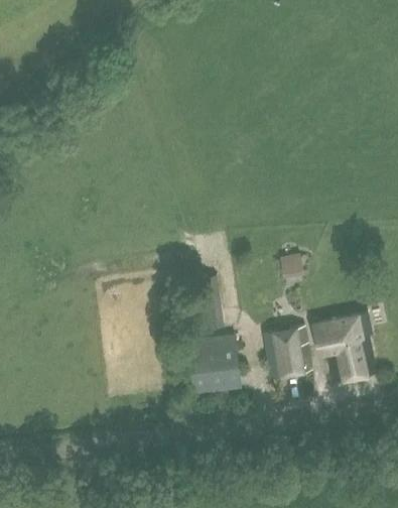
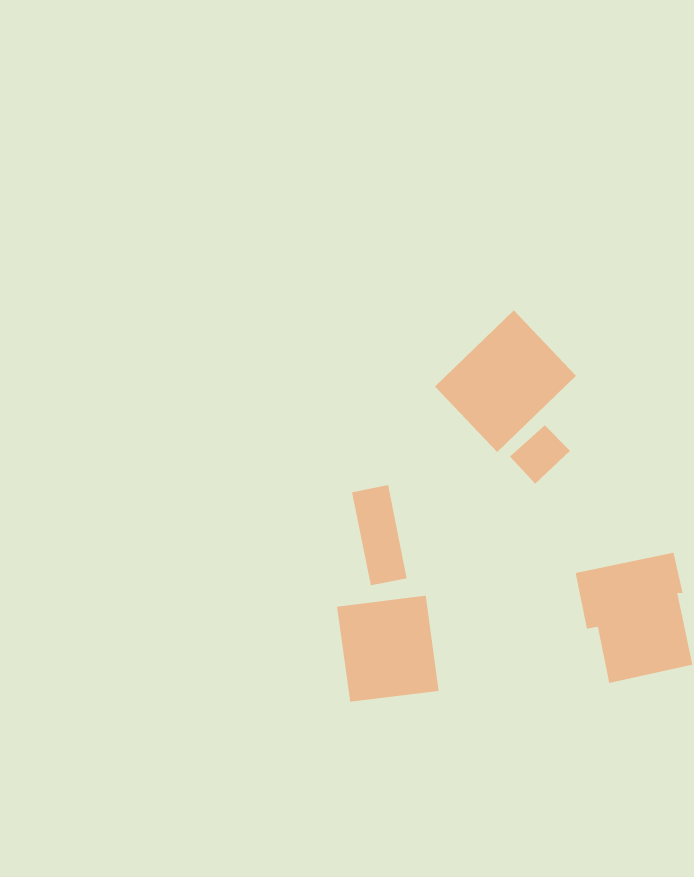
building: none -> [434,310,577,453]
building: [262,327,311,378] -> none

